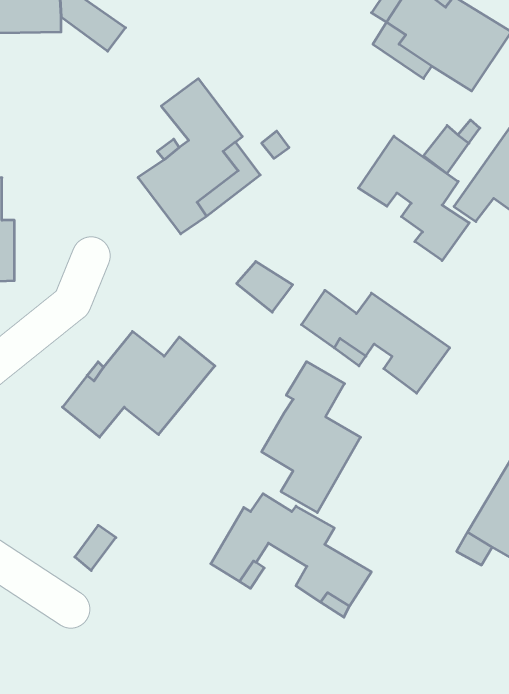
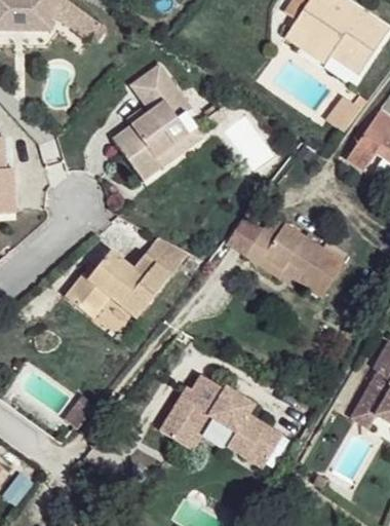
building: [358,136,469,261] -> none
building: [237,261,293,312] -> [141,239,183,277]
building: [262,362,361,513] -> none

